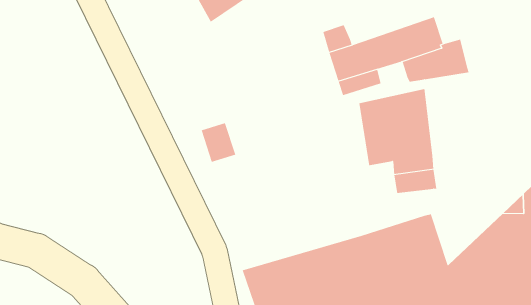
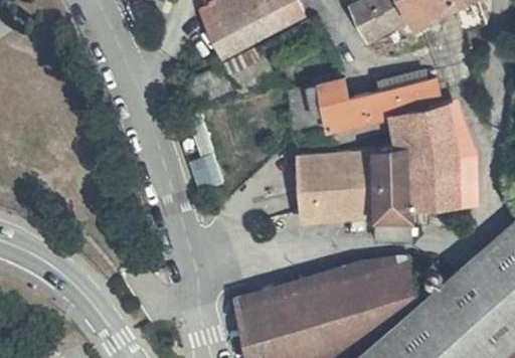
building: none -> [411,129,465,201]
building: none -> [299,148,354,210]

